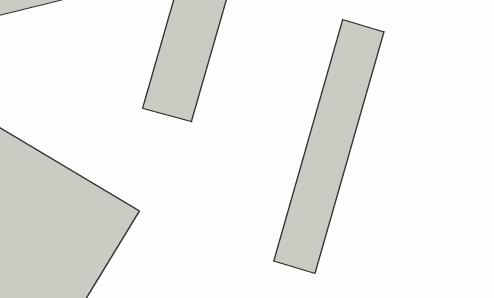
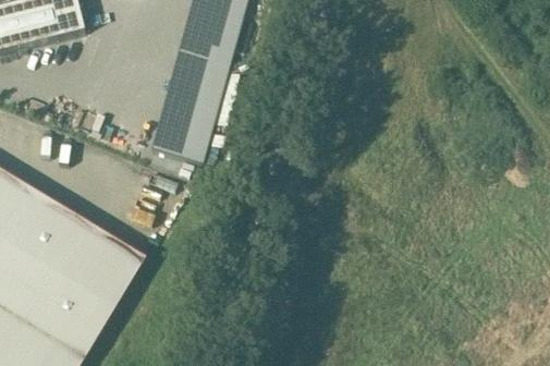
building: [274,19,384,273] -> none

